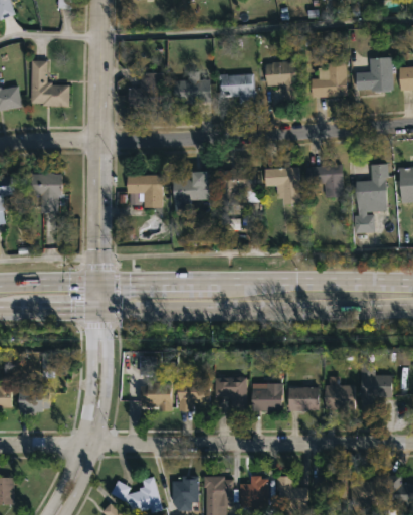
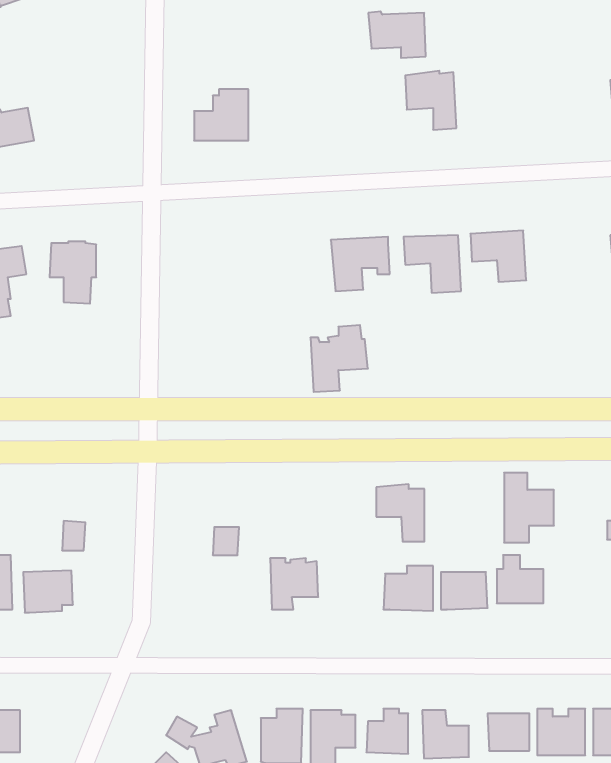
building: [356,57,393,91] -> none
building: [34,61,73,107] -> none
building: [311,62,347,99] -> none
building: [174,72,210,103] -> none
building: [218,73,255,104] -> [368,11,426,58]
building: [354,164,389,233] -> none
building: [173,172,210,215] -> [310,325,368,392]
building: [127,175,163,208] -> none
building: [361,363,393,408] -> [504,473,554,543]
building: [214,373,245,410] -> [376,484,424,542]
building: [140,382,170,405] -> none

